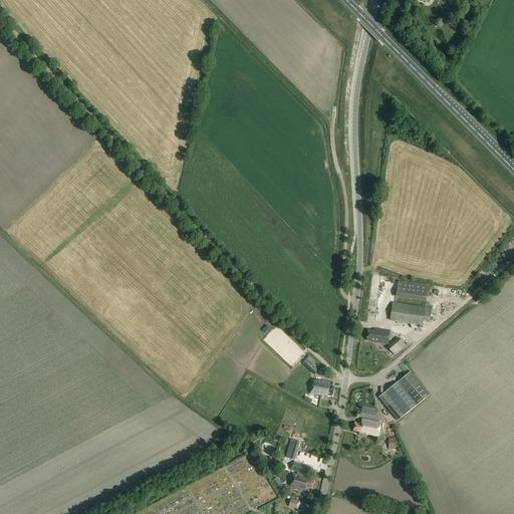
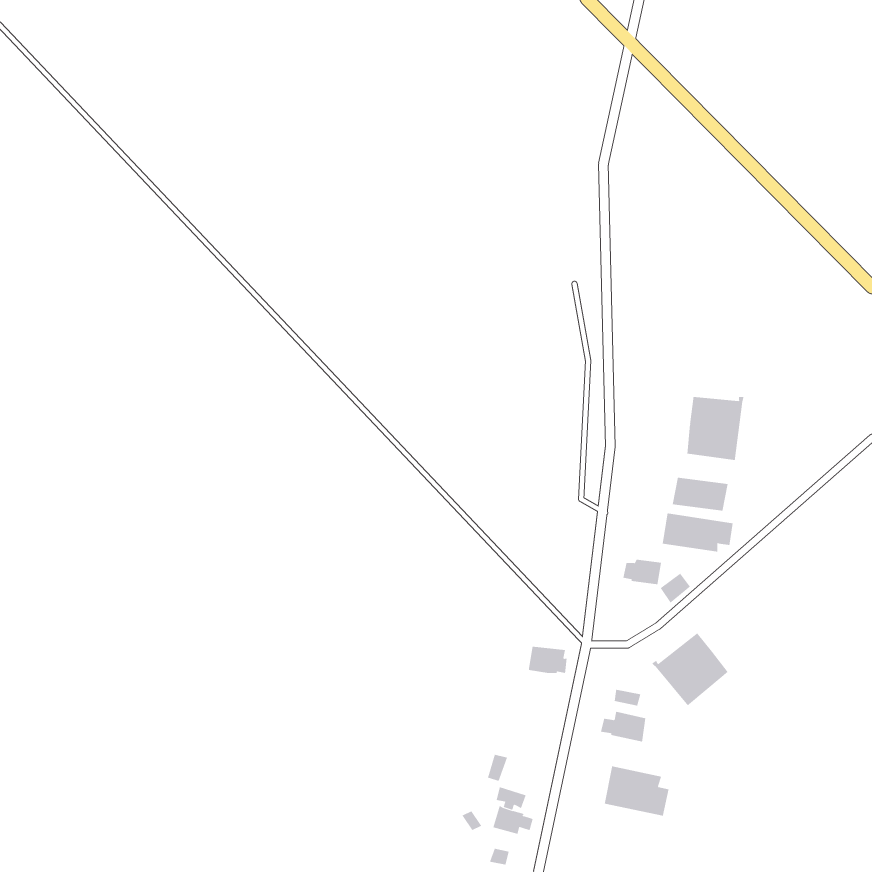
building: none -> [687,396,744,461]
building: none -> [604,766,669,817]

